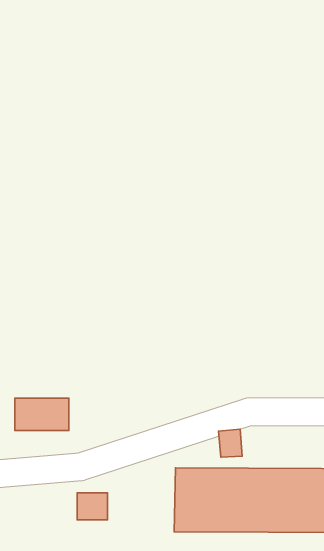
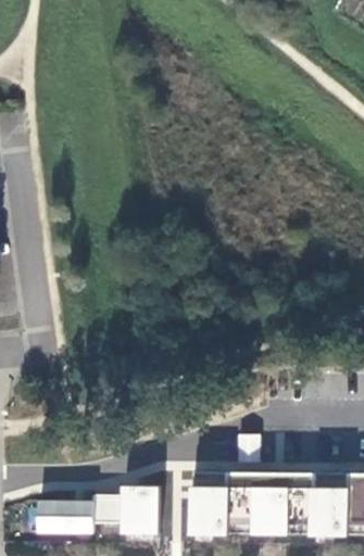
building: [15,398,69,431] -> [35,502,89,534]
building: none -> [120,488,158,535]

